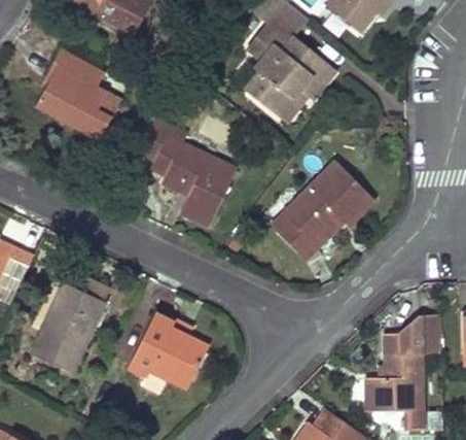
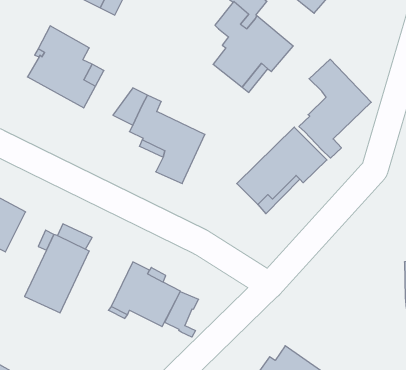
building: none -> [299,59,371,158]
building: [366,314,440,430] -> none
building: none -> [165,291,199,337]

